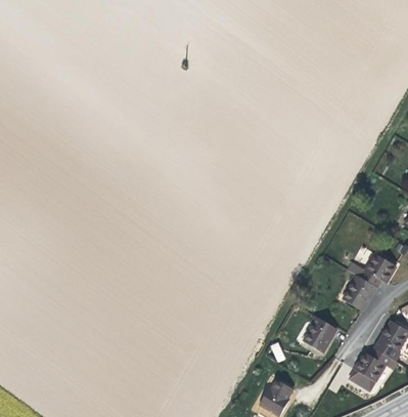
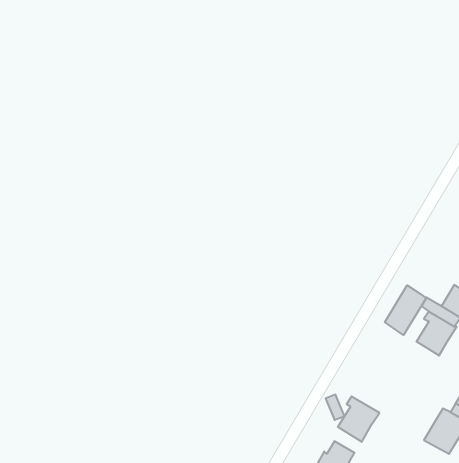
building: none -> [385,285,426,335]
building: [303,316,336,352] -> [338,396,379,442]

